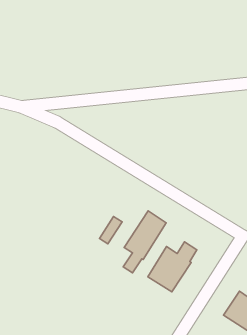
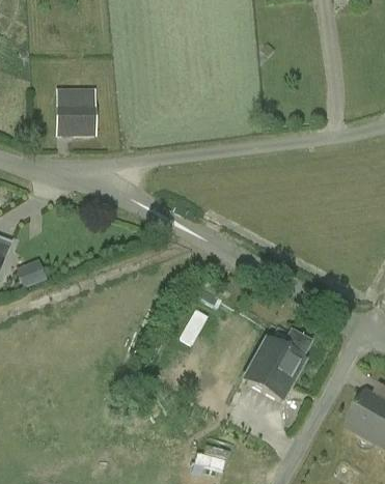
building: none -> [55,91,92,136]
building: [123,211,166,273] -> none

